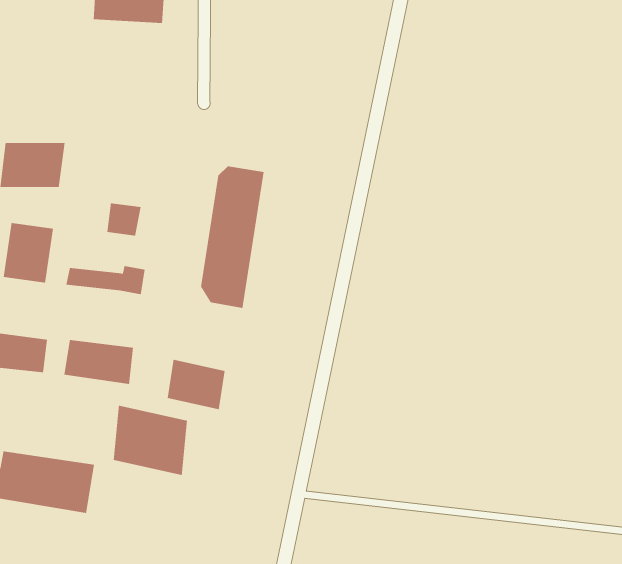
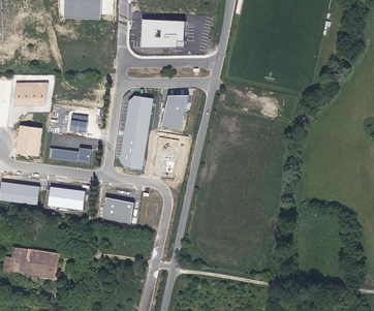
building: none -> [139,19,185,50]
building: none -> [160,96,187,131]
building: [113,405,188,476] -> none

